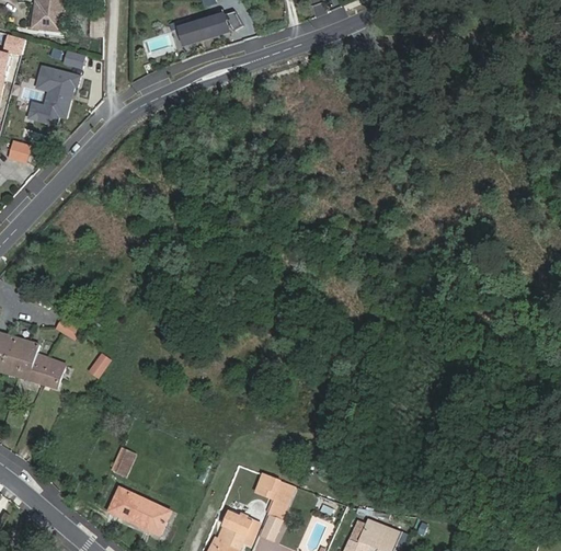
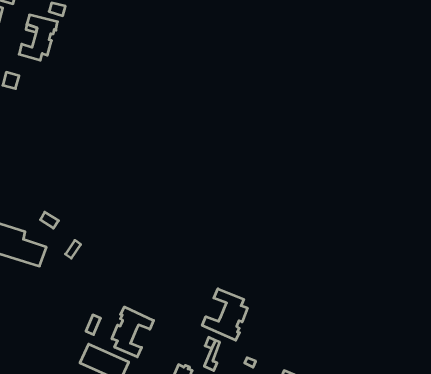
building: none -> [202,289,247,340]
building: none -> [112,307,154,357]

